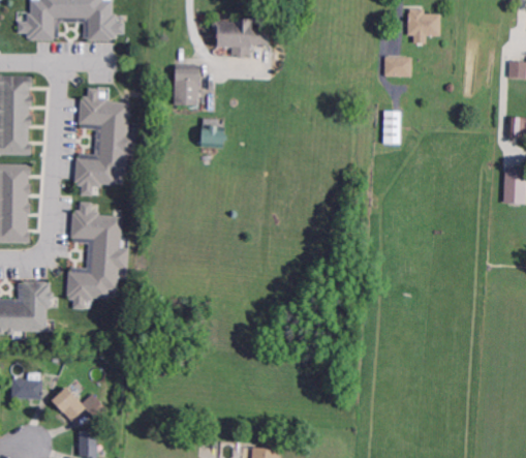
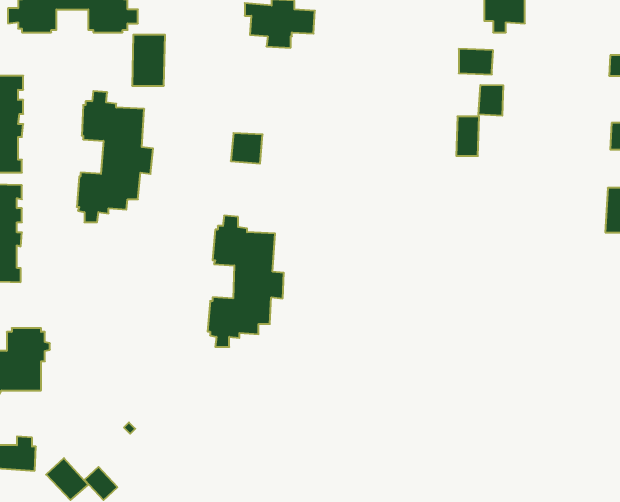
building: [172,62,198,103] -> [132,35,165,86]
building: none -> [478,85,503,116]
building: [66,203,128,309] -> [208,216,284,347]

